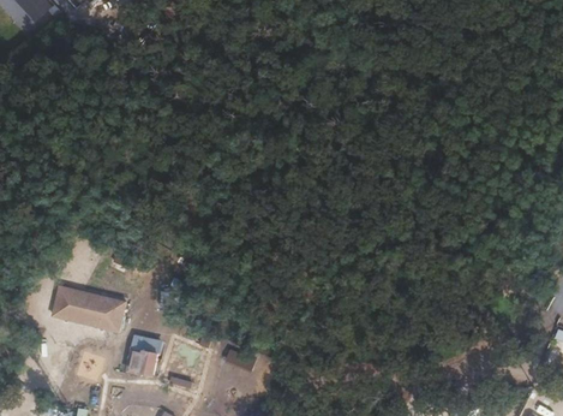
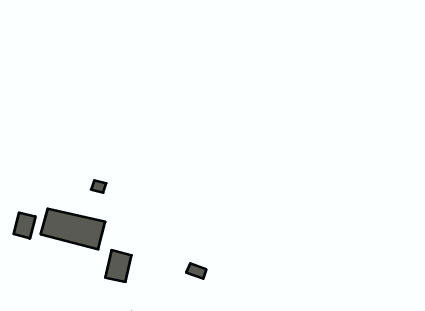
building: none -> [14,213,35,239]

